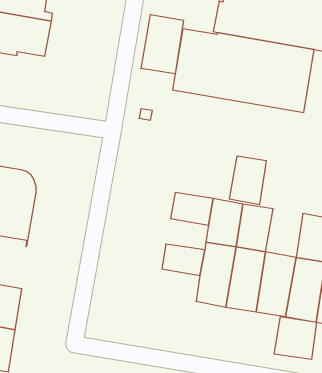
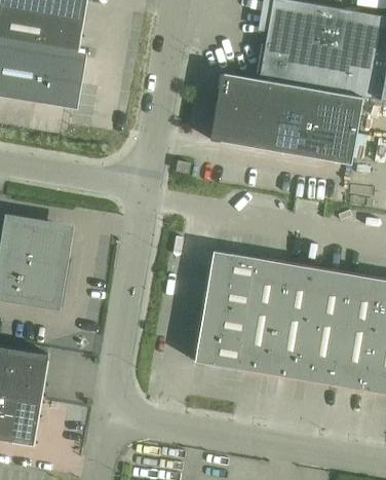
building: [141,14,183,74] -> none
building: [229,156,266,205] -> [311,268,351,321]
building: none -> [203,279,249,312]
building: none -> [194,333,240,368]
building: [274,317,316,359] -> none

